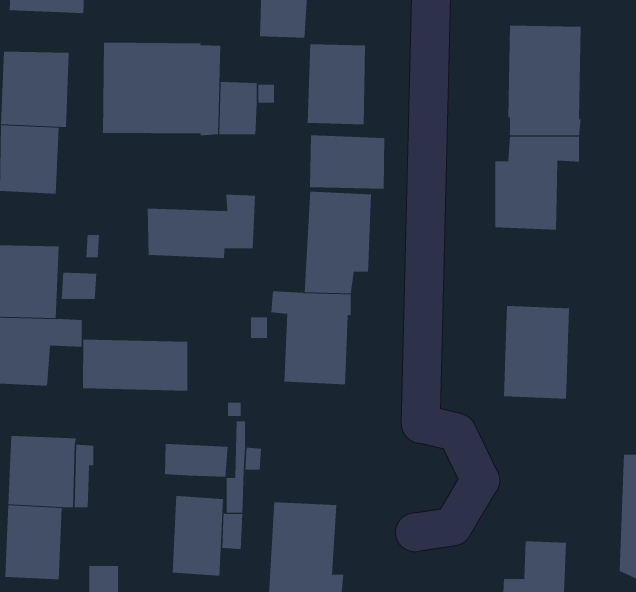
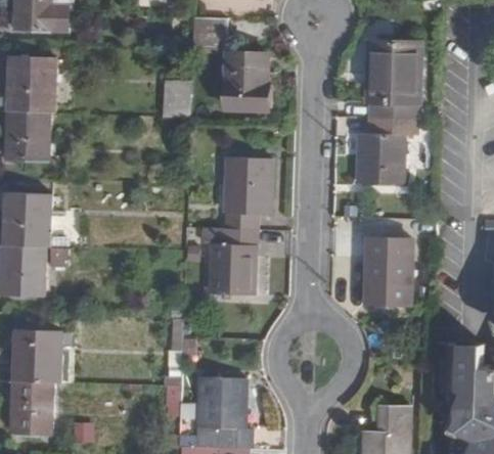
building: [103,42,221,136] -> none
building: [310,134,385,190] -> none
building: [147,194,256,259] -> none
building: [83,339,188,391] -> none
building: [164,443,228,477] -> none
building: [172,495,223,577] -> none

